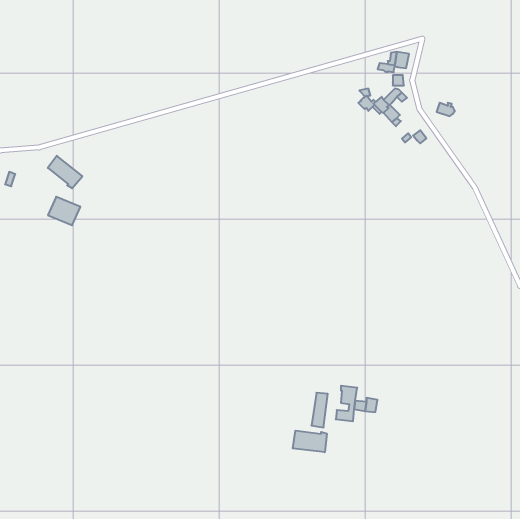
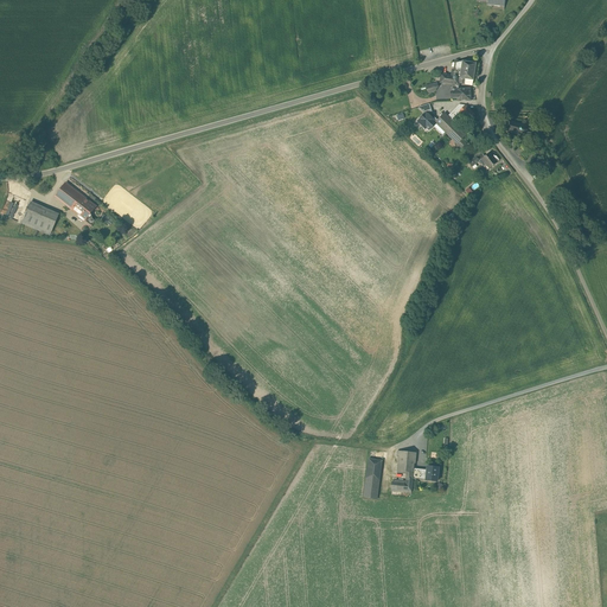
building: [48,197,80,225] -> [21,200,59,234]
building: [293,431,327,452] -> none

